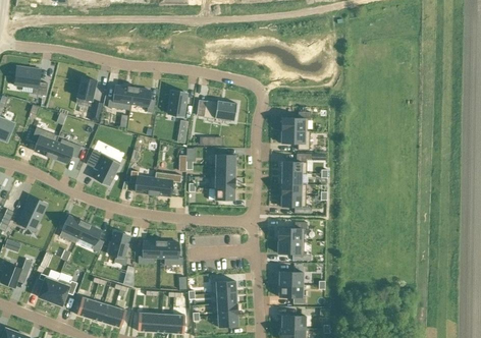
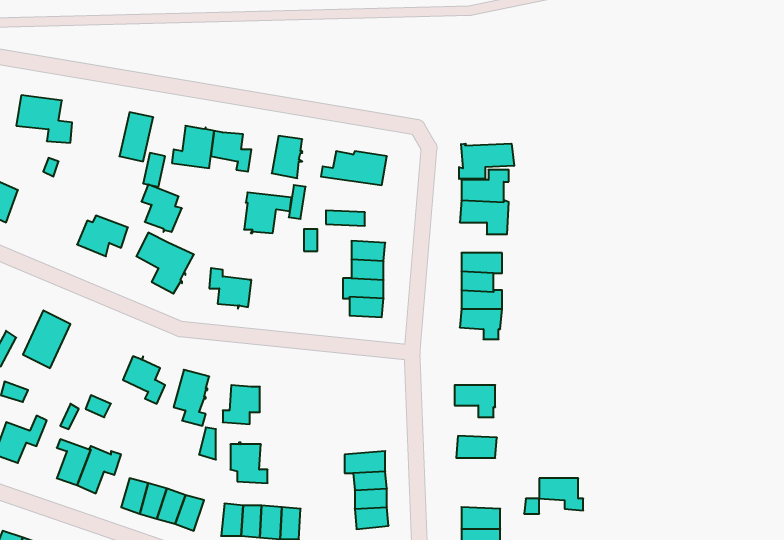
building: none -> [459,144,514,179]
building: [32,127,56,156] -> [141,184,182,232]
building: [153,171,181,195] -> [244,192,291,233]
building: [59,215,84,242] -> none
building: [277,221,305,240] -> none
building: [160,240,182,265] -> [230,442,268,483]
building: [278,284,305,303] -> [539,478,583,510]

